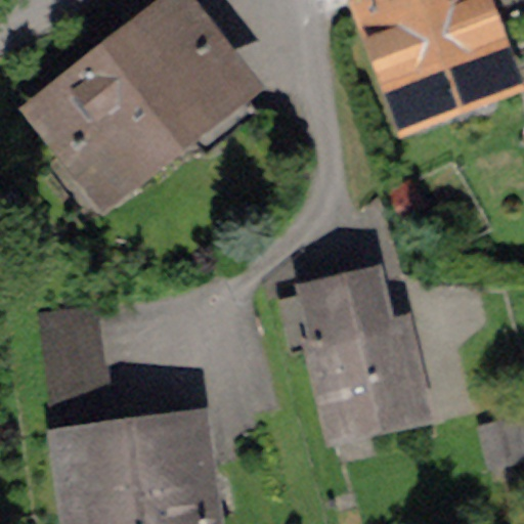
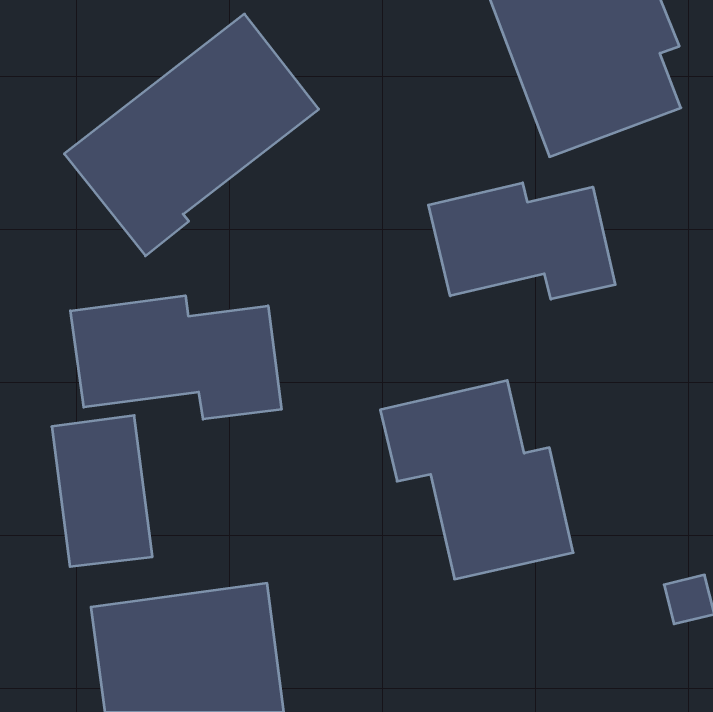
building: none -> [428,183,615,299]
building: none -> [70,296,281,419]

